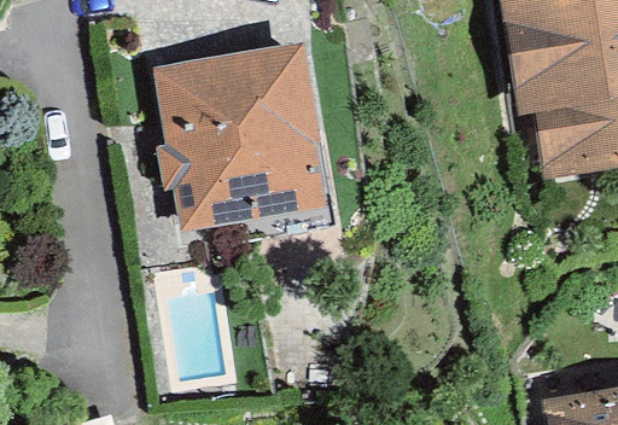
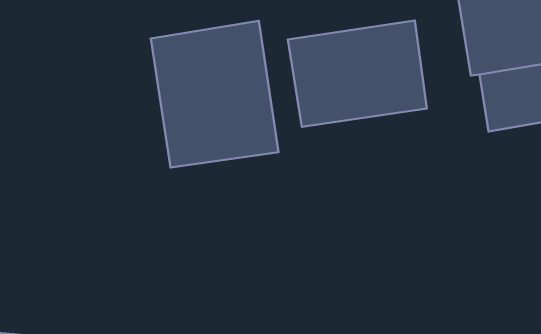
building: none -> [288,20,427,127]

